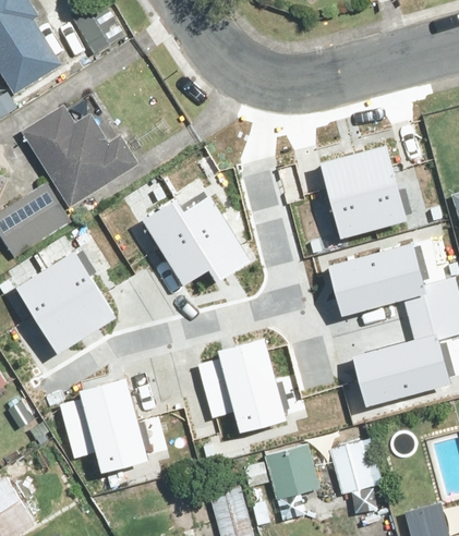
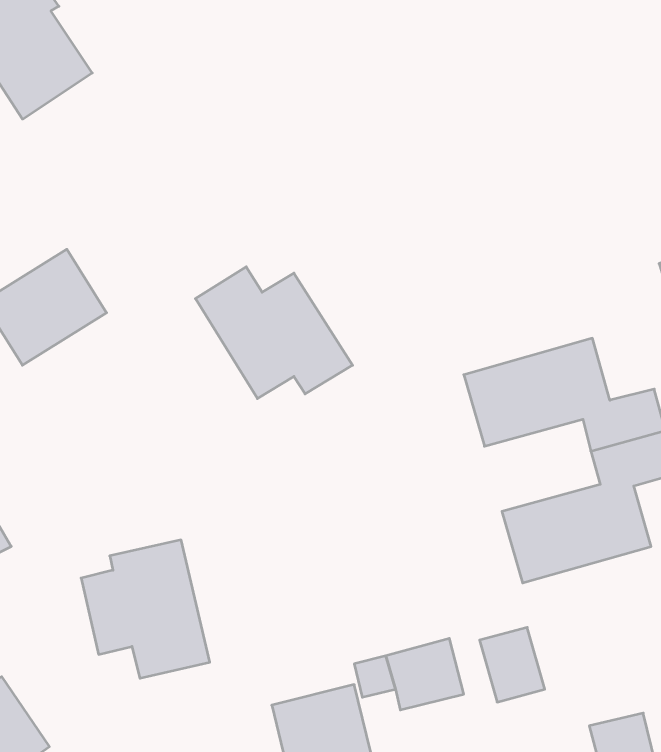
building: [27,106,143,206] -> none
building: [318,153,403,241] -> none
building: [17,252,113,350] -> none
building: [196,340,285,435] -> none

